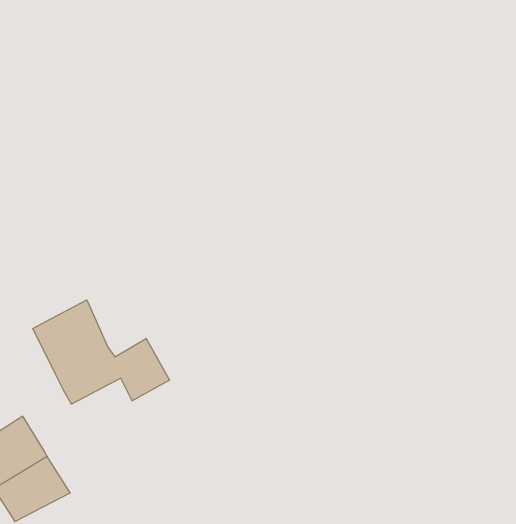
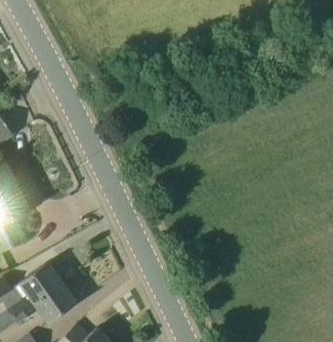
building: [33,300,170,404] -> none

